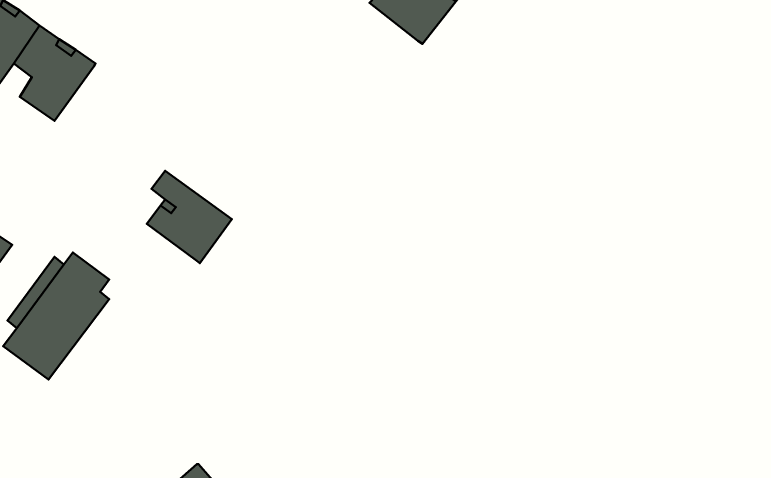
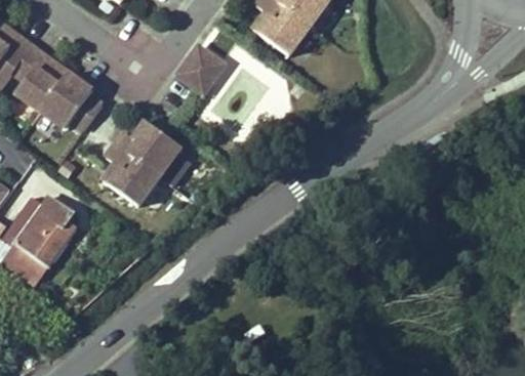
building: none -> [176,46,224,93]
building: none -> [38,72,99,128]
building: none -> [113,120,179,175]

